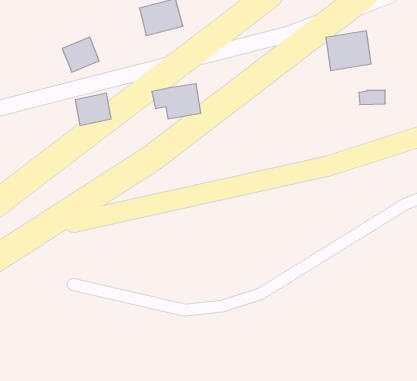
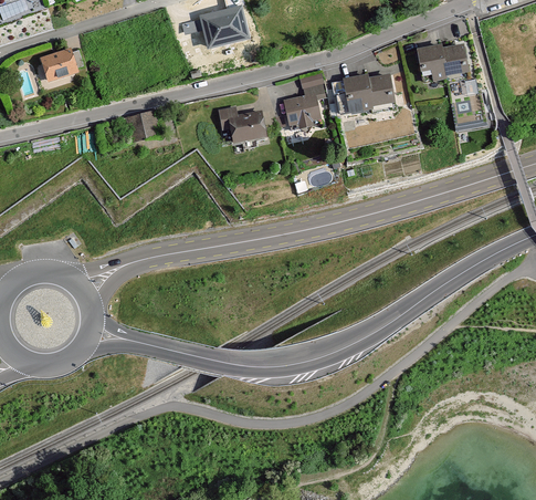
building: [62,37,99,72] -> [41,46,84,87]
building: none -> [340,72,396,118]
building: none -> [283,82,326,128]

